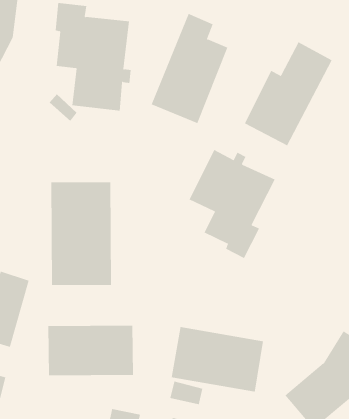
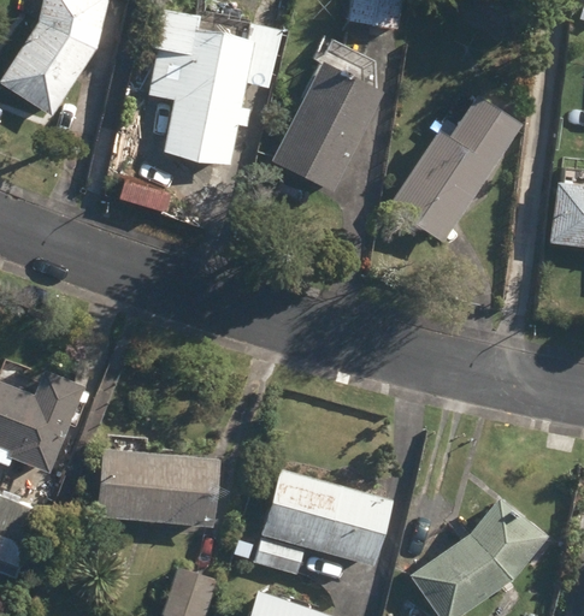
building: [189,149,276,259] -> none
building: [51,182,112,286] -> none

